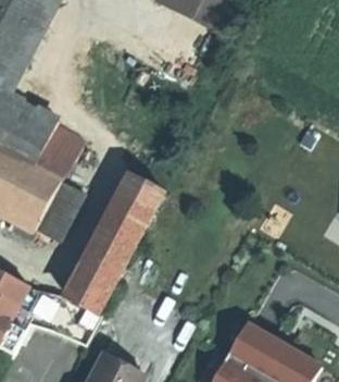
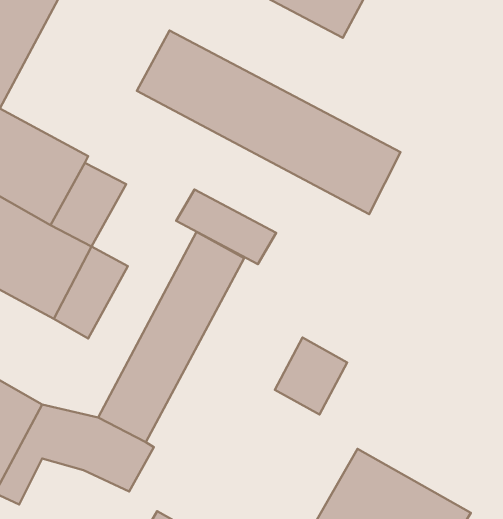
building: none -> [137,31,401,214]
building: none -> [176,189,276,264]
building: none -> [275,338,347,415]

